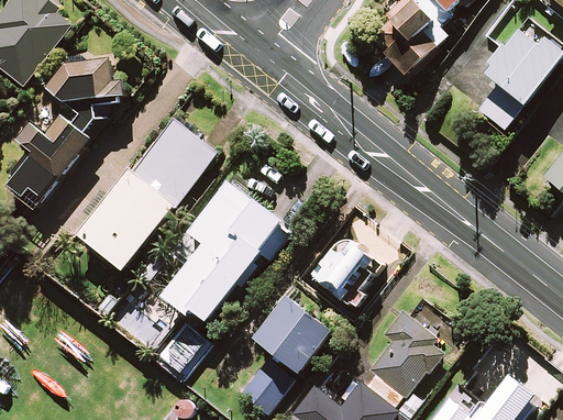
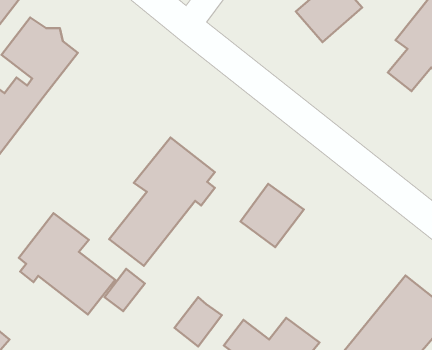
building: [77,120,216,270] -> none
building: none -> [19,213,115,315]
building: [254,294,333,373] -> none
building: [366,310,444,398] -> none

